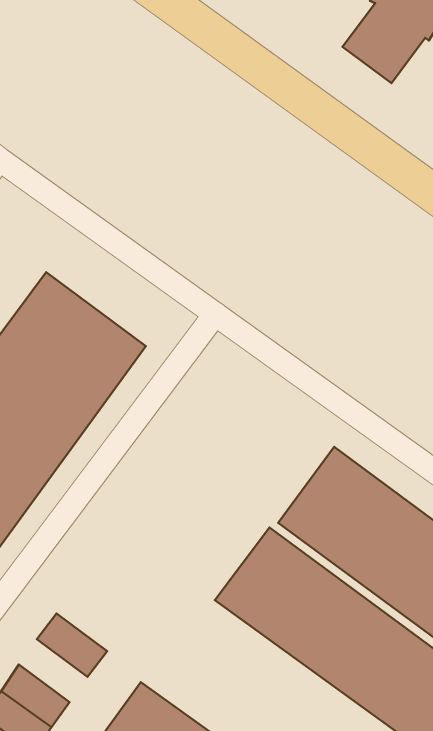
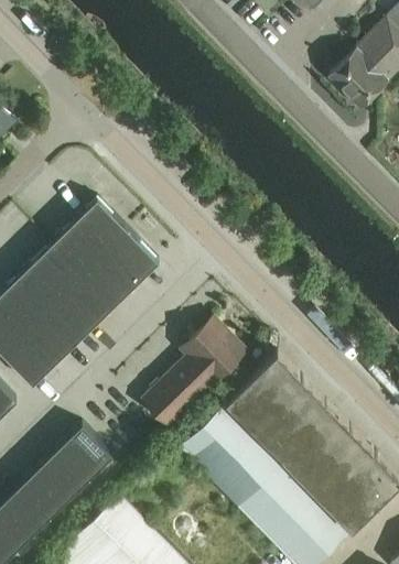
building: none -> [143,321,245,427]
building: none -> [66,423,112,470]
building: none -> [34,454,80,501]

